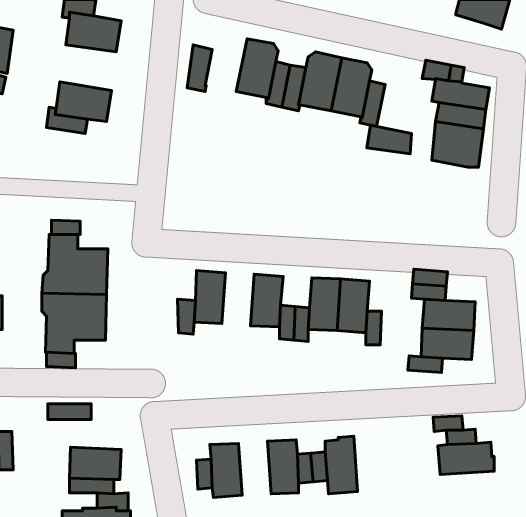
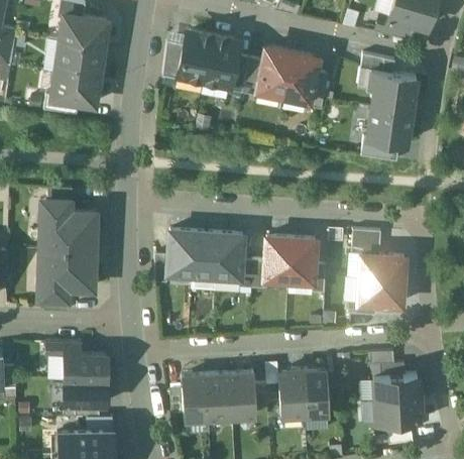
building: none -> [375,12,411,37]
building: none -> [177,31,212,80]
building: none -> [54,40,102,79]
building: [367,125,411,154] -> [360,136,397,160]
building: none -> [191,232,218,276]
building: none -> [64,355,106,380]
building: none -> [302,368,329,416]
building: none -> [205,373,232,419]
building: none -> [374,398,421,426]

